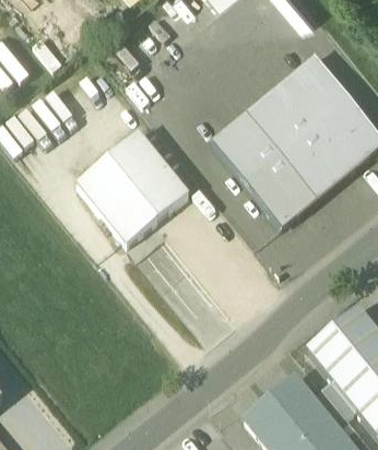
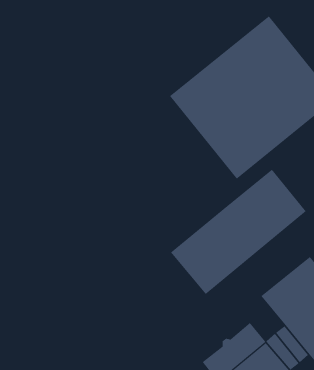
building: [78,131,190,244] -> none
building: none -> [170,169,307,295]

